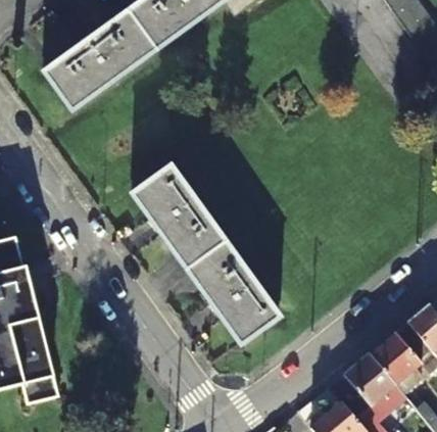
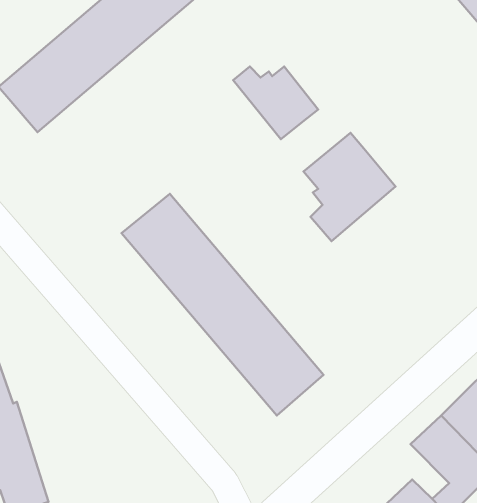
building: none -> [233,66,318,139]
building: none -> [304,133,396,241]

